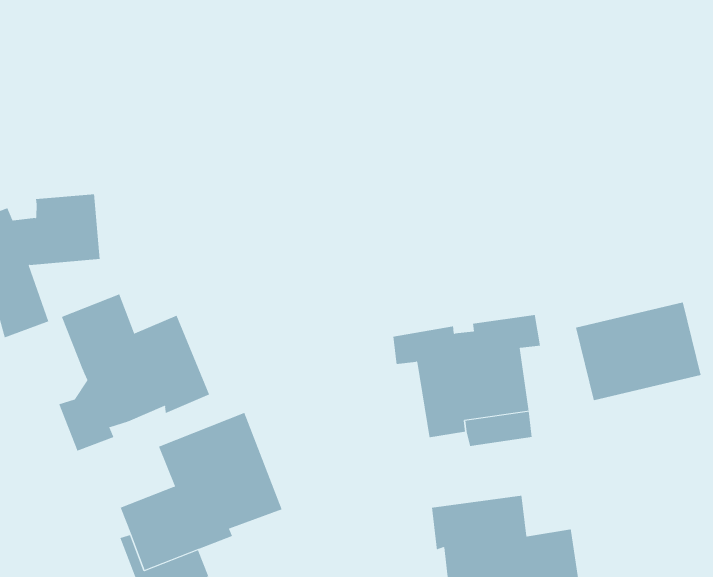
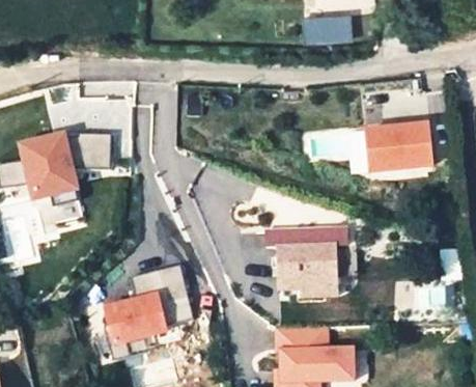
building: [58,293,210,451] -> none
building: [575,302,702,401] -> [366,123,432,172]

